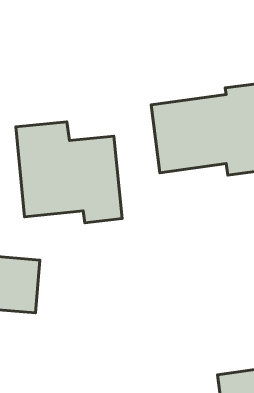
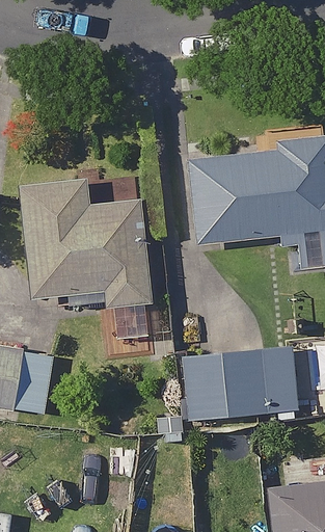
building: none -> [183,344,295,419]

